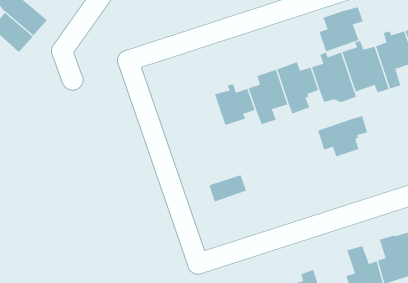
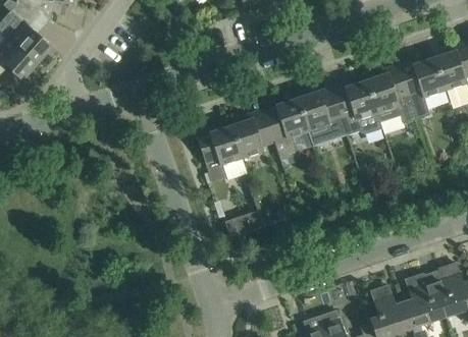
building: [319,6,364,52] -> none
building: none -> [197,124,241,181]
building: [318,115,368,157] -> none

